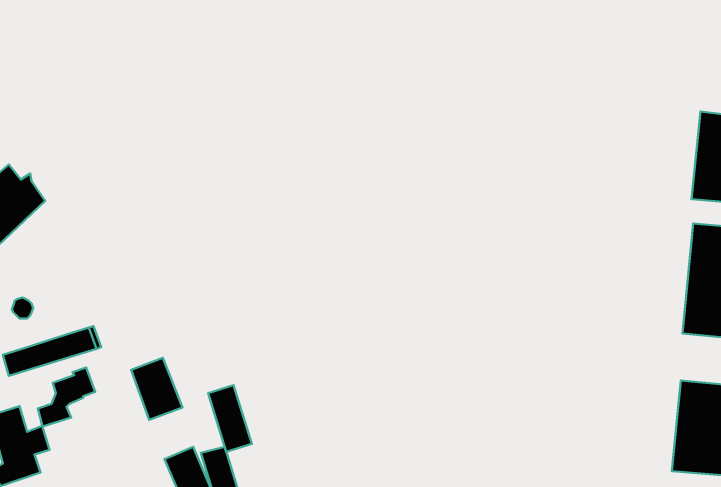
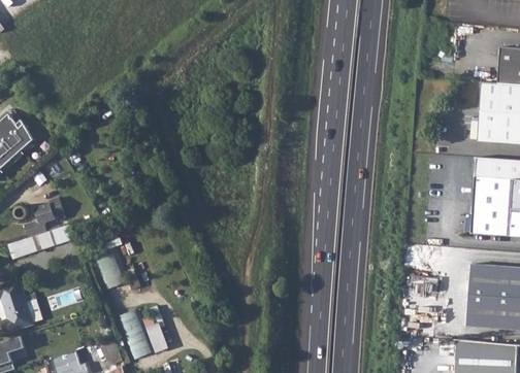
building: [38,368,95,427] -> [24,199,63,239]
building: [208,385,252,452] -> none

